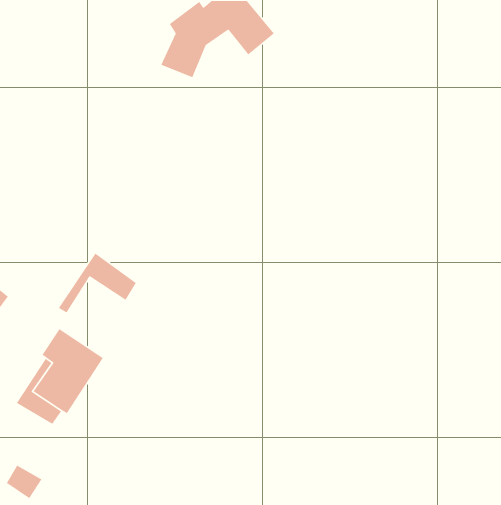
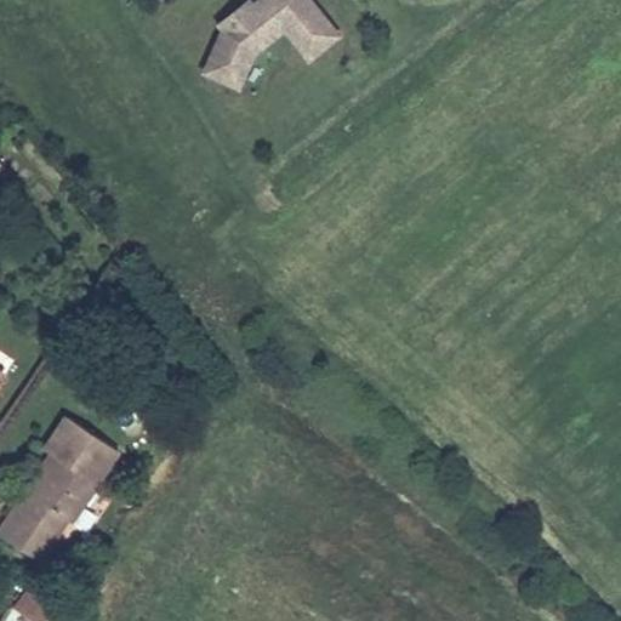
building: [58,252,137,314] -> none
building: none -> [5,495,64,547]

